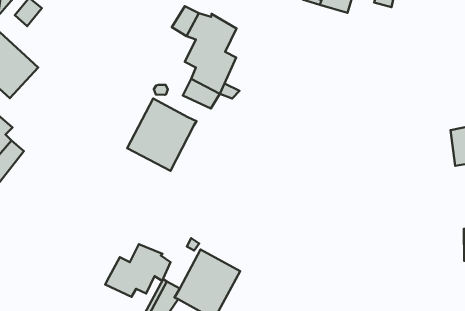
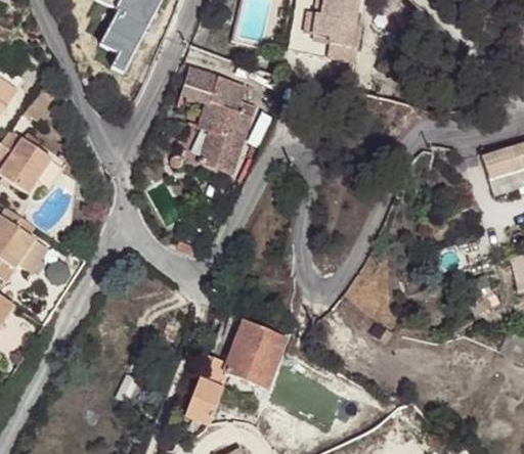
building: [127,99,196,171] -> none
building: [105,244,170,297] -> none

